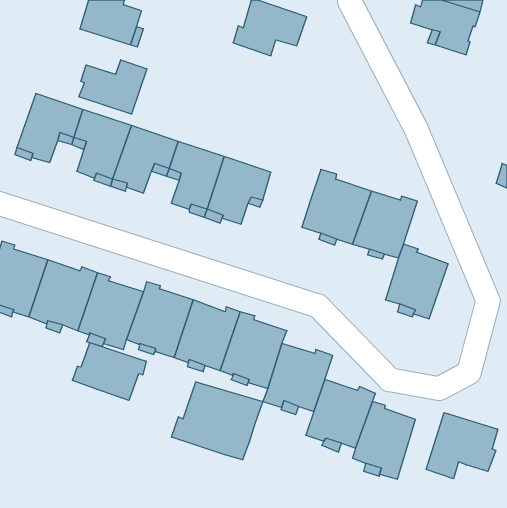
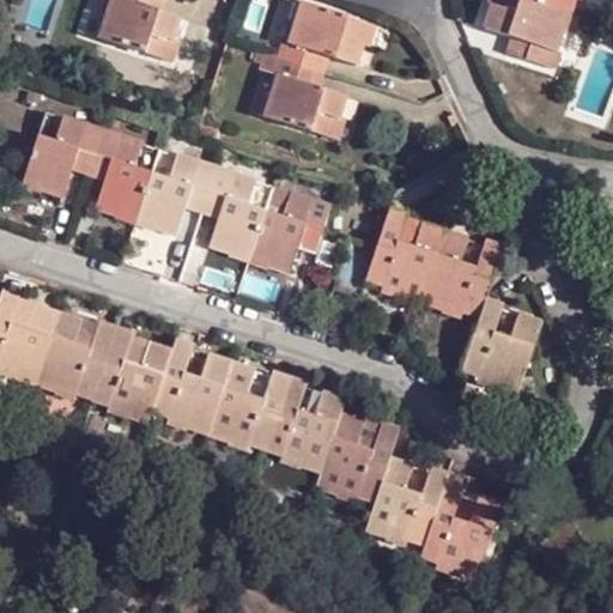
building: none -> [266,53,345,135]
building: [79,60,147,114] -> none
building: [72,343,146,400] -> none
building: [172,382,263,460] -> none
building: [426,413,498,479] -> none

